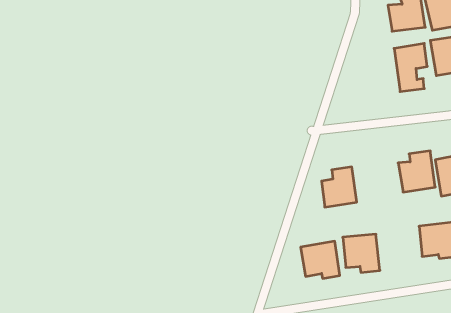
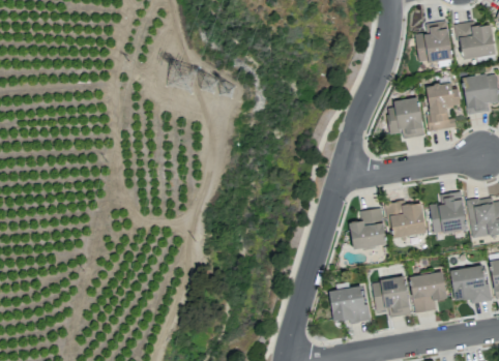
building: none -> [386,97,424,137]
building: none -> [387,199,427,236]
building: none -> [409,270,447,311]

